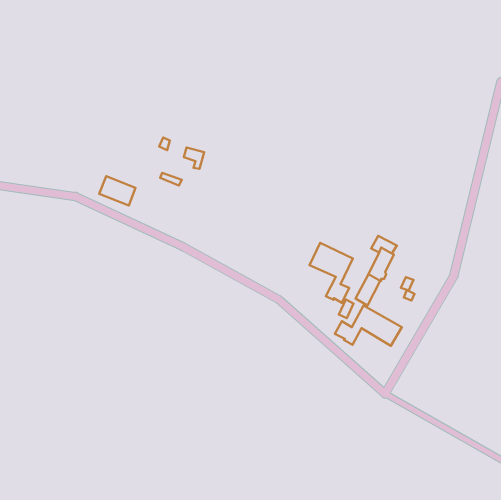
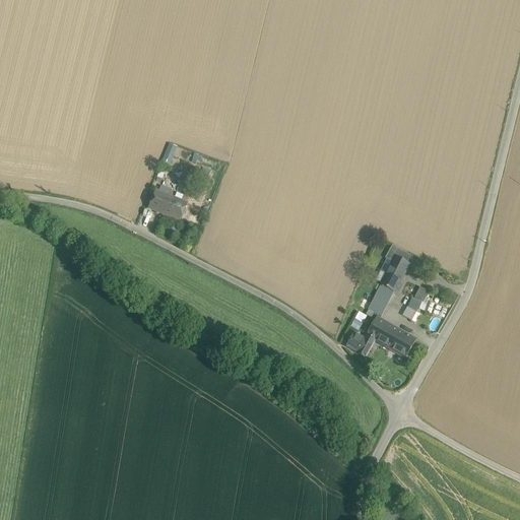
building: [99,176,136,206] -> [148,189,186,219]
building: [310,243,353,303] -> none

